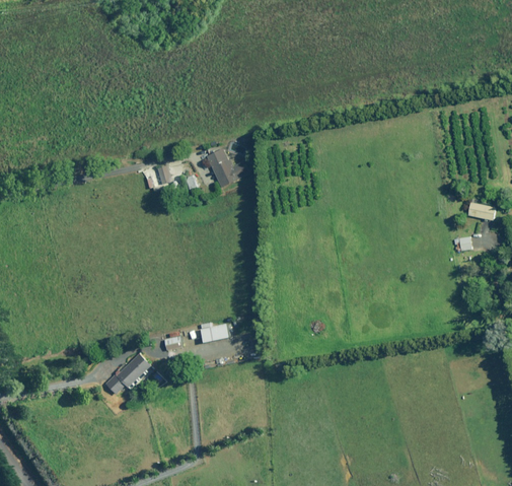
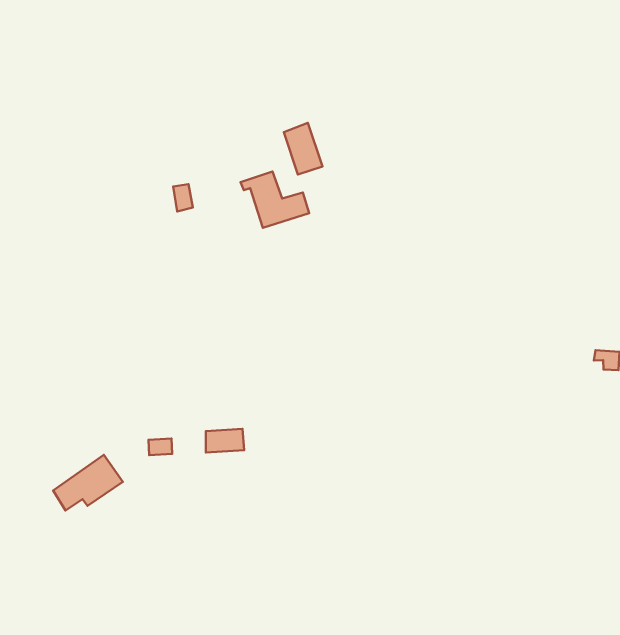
building: none -> [284,123,323,175]

